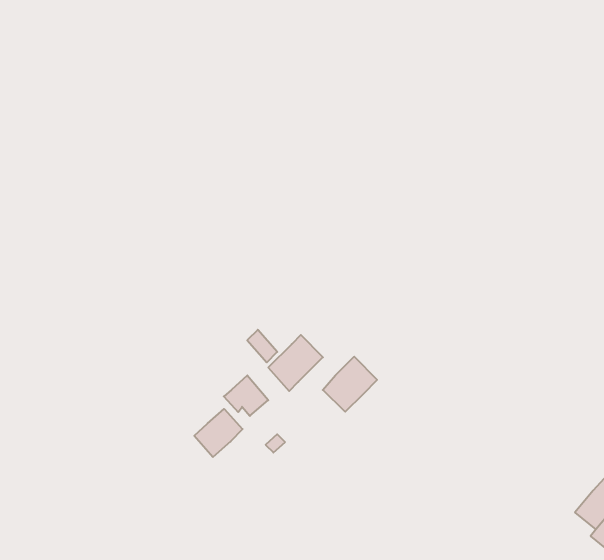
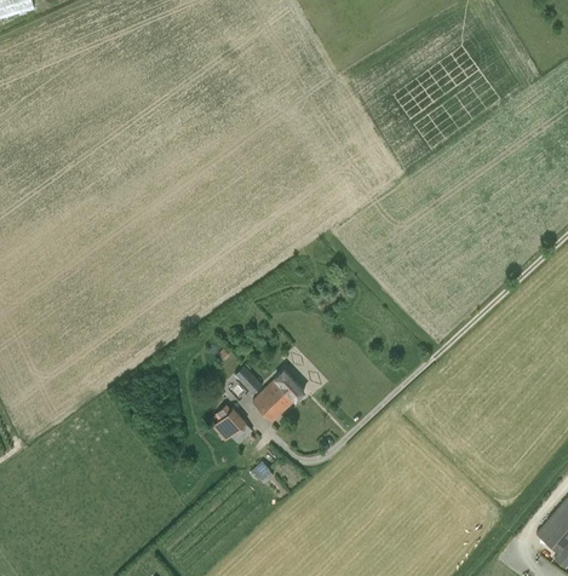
building: [323,357,377,412] -> none
building: [194,409,243,457] -> none

